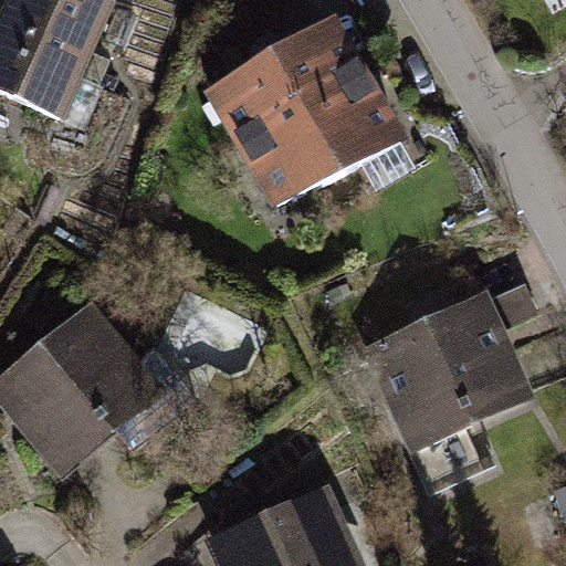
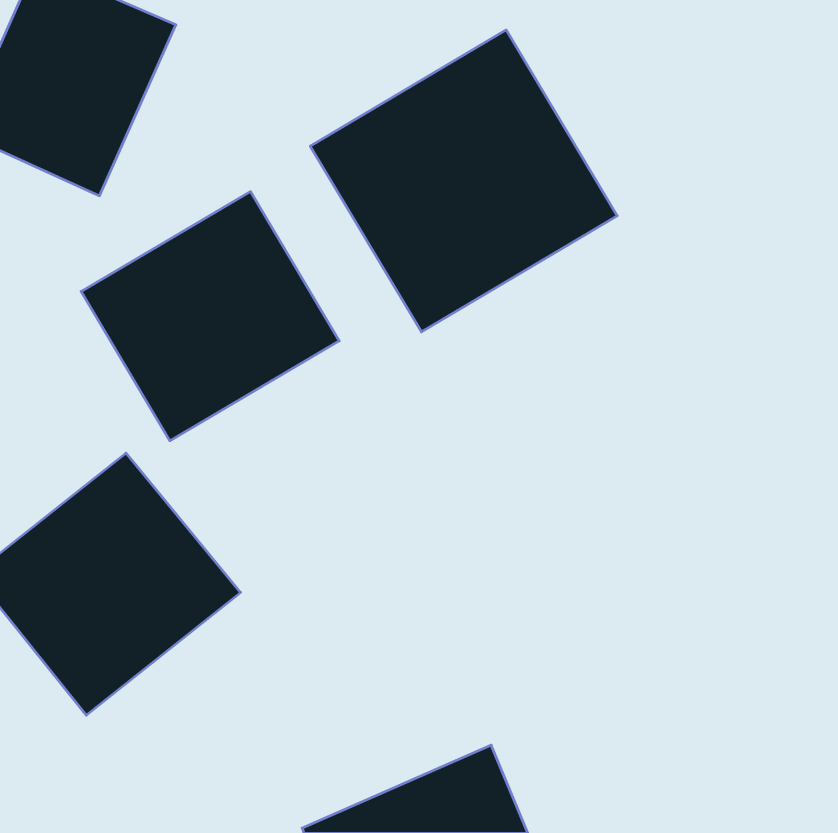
building: none -> [81,192,339,441]
building: [363,282,533,442] -> none

